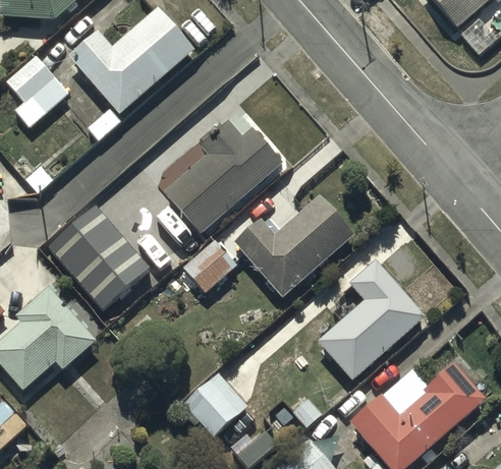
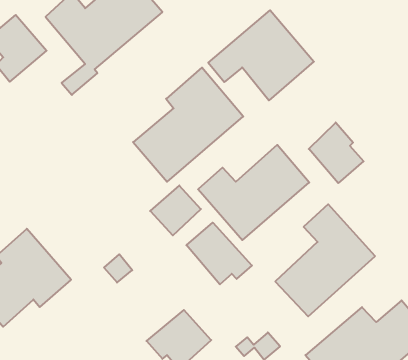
building: none -> [208,10,314,100]
building: none -> [309,122,364,183]
building: [46,203,150,309] -> none
building: none -> [186,223,252,284]

